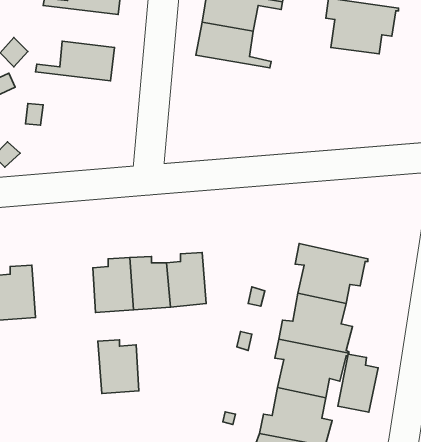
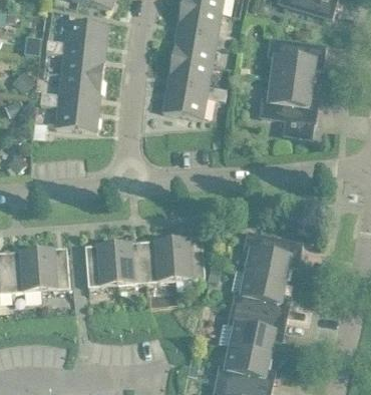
building: none -> [45,45,105,78]
building: none -> [261,78,317,139]
building: none -> [162,84,225,118]
building: none -> [39,97,99,131]
building: none -> [171,238,205,280]
building: [98,340,139,393] -> [37,249,69,291]
building: [338,354,378,412] -> none

